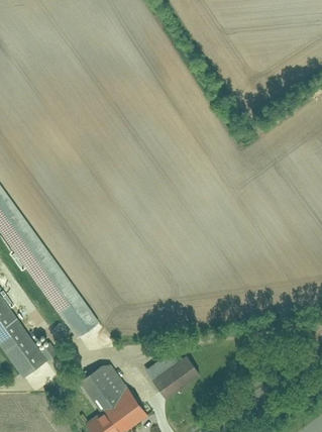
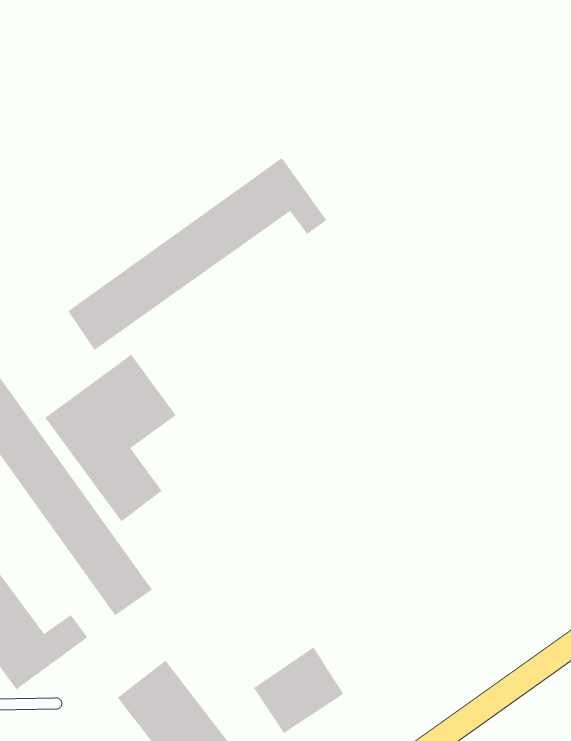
building: none -> [68,157,327,351]
building: none -> [45,354,176,522]

